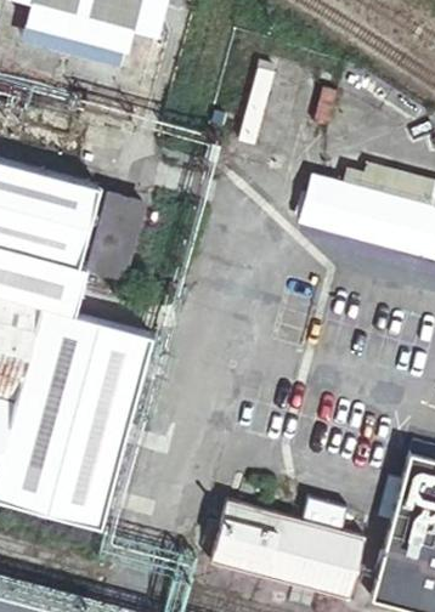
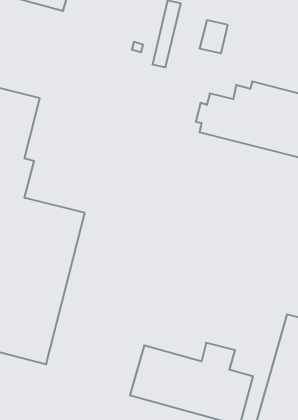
building: [87,194,140,277] -> none

